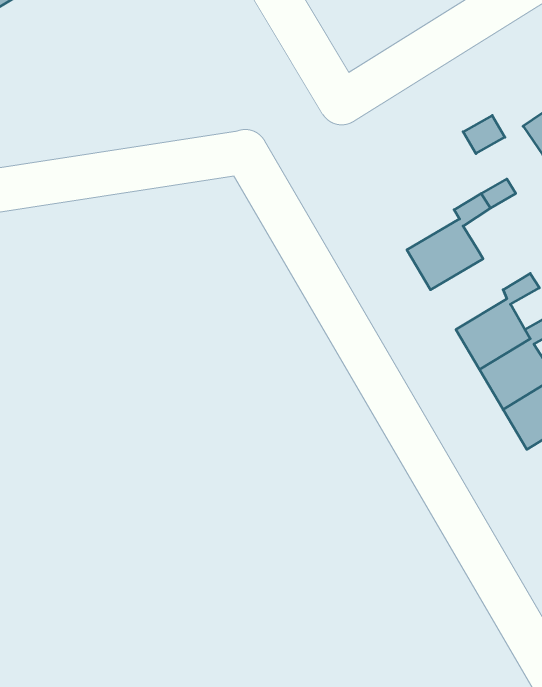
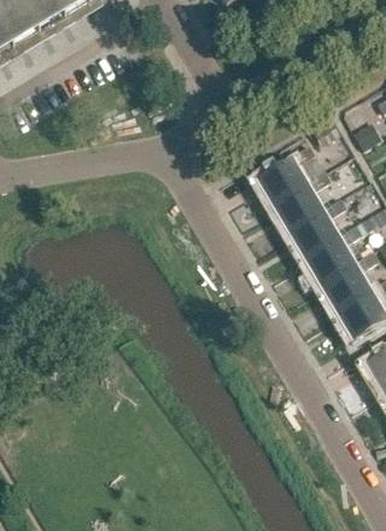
building: none -> [257,144,314,208]
building: none -> [288,197,345,261]

